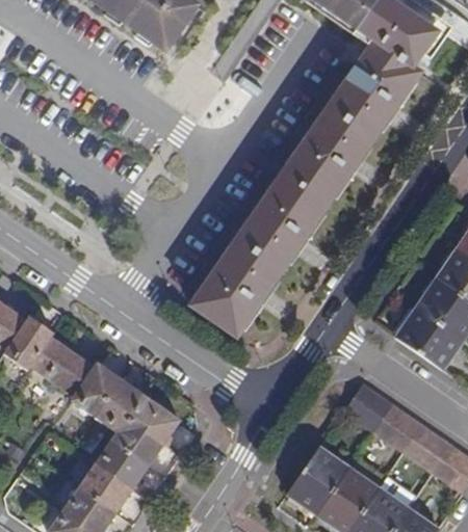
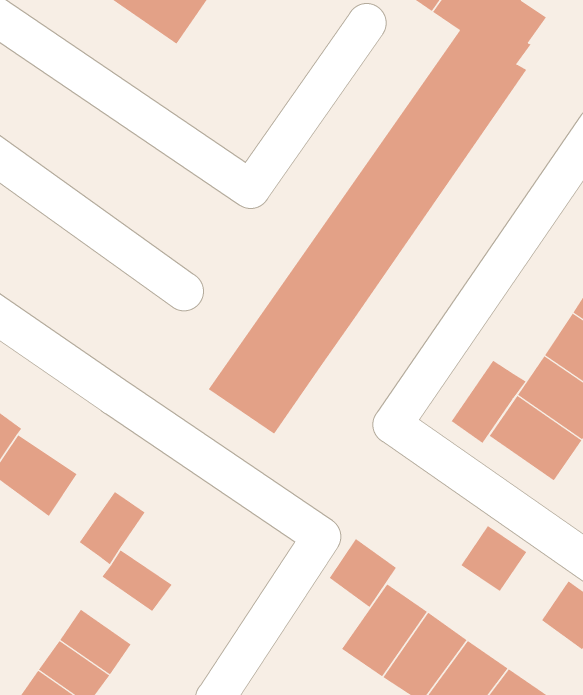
building: none -> [451,360,526,444]
building: [70,363,120,416] -> none
building: [343,381,393,432] -> [329,538,397,608]
building: [124,394,180,447] -> none
building: [402,423,452,473] -> none
building: [95,441,148,490] -> none

